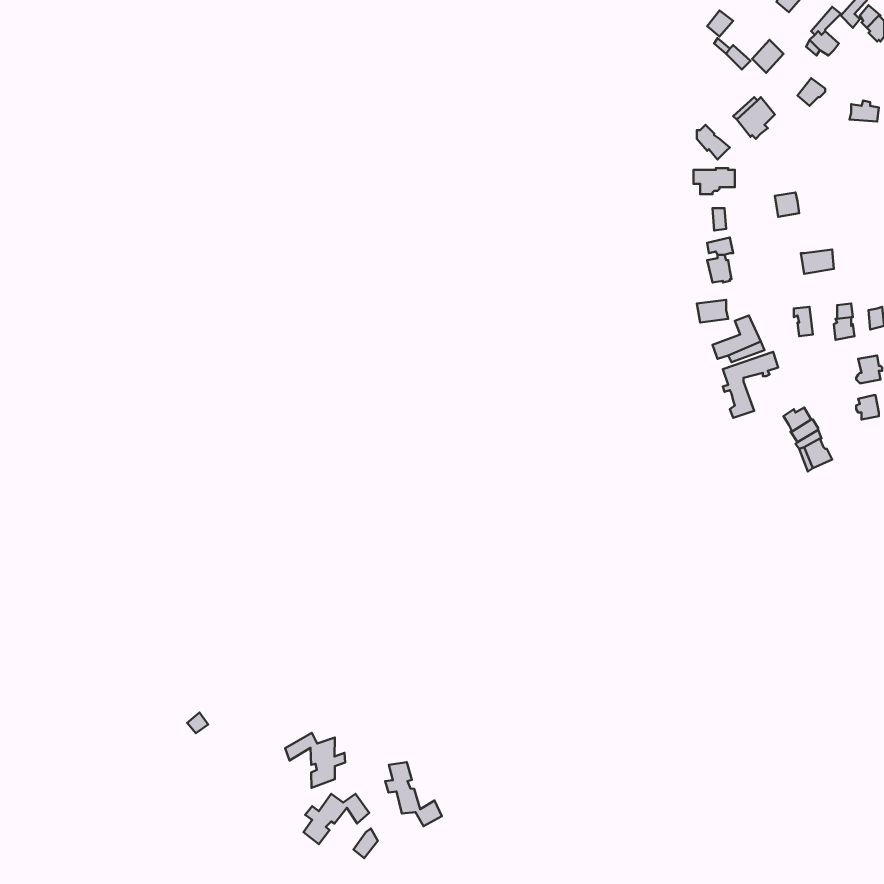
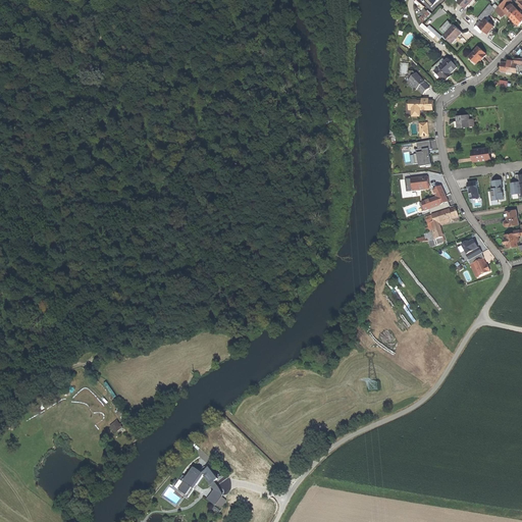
building: [285,733,345,788] -> none
building: [385,762,442,826] -> none

